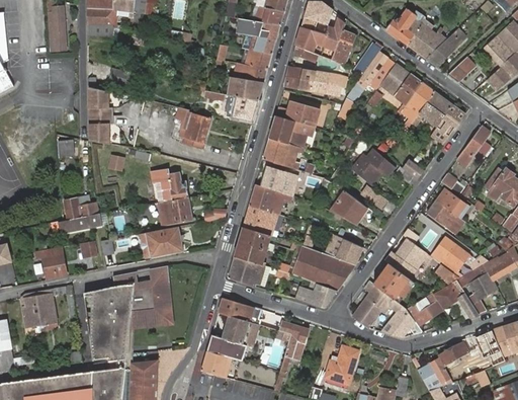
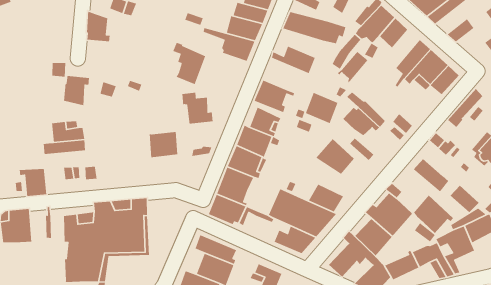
building: [391,74,421,107] -> [337,51,368,84]
building: [89,115,113,145] -> [63,75,90,106]
building: [269,115,301,146] -> [305,92,338,124]
building: [154,169,188,203] -> [182,92,213,125]
building: [436,188,466,216] -> [450,185,479,213]
building: [139,228,182,258] -> none

